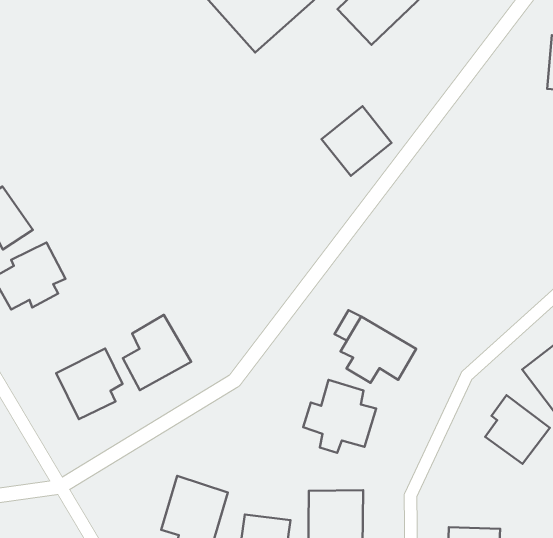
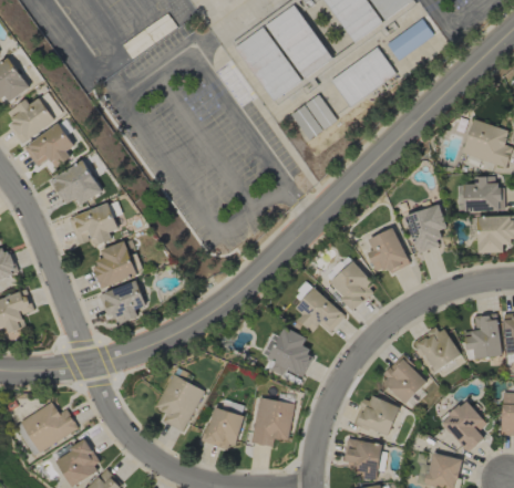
building: [322,106,392,176] -> [289,95,336,141]
building: none -> [404,206,445,251]
building: none -> [367,228,408,274]
building: none -> [328,261,377,310]
building: [123,315,191,390] -> [92,241,137,289]
building: none -> [353,395,399,436]

